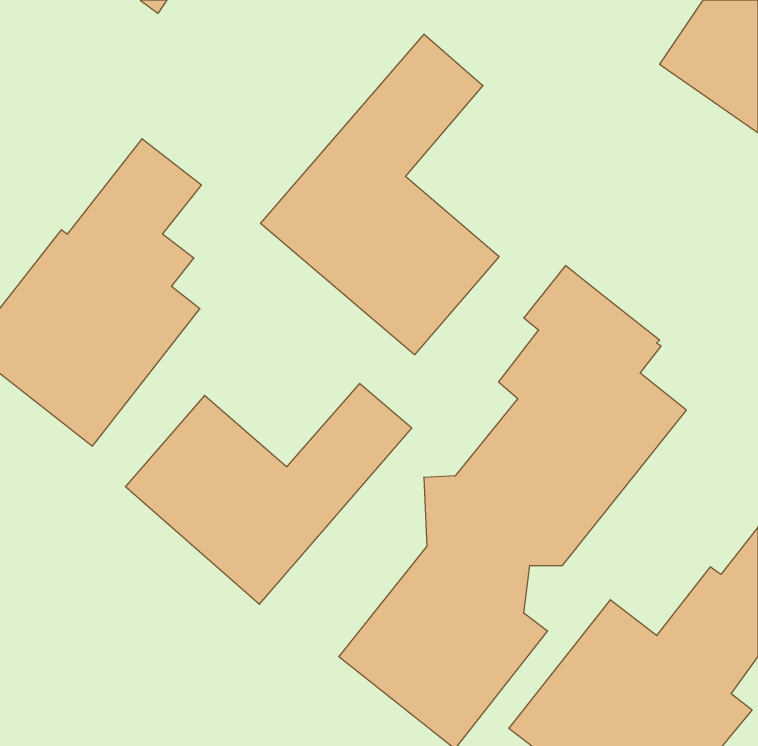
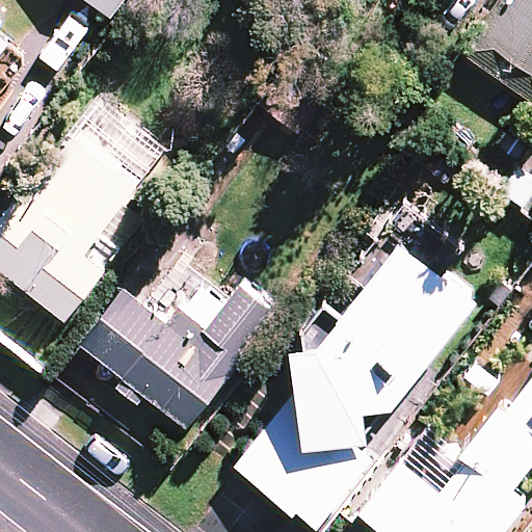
building: [261,34,499,355] -> none

